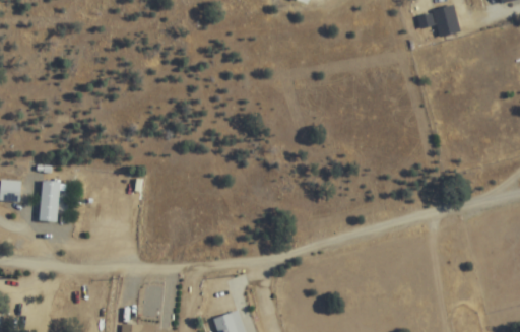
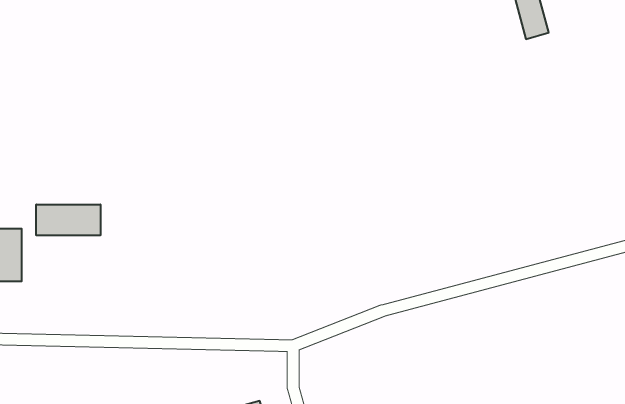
building: none -> [36,204,100,235]

